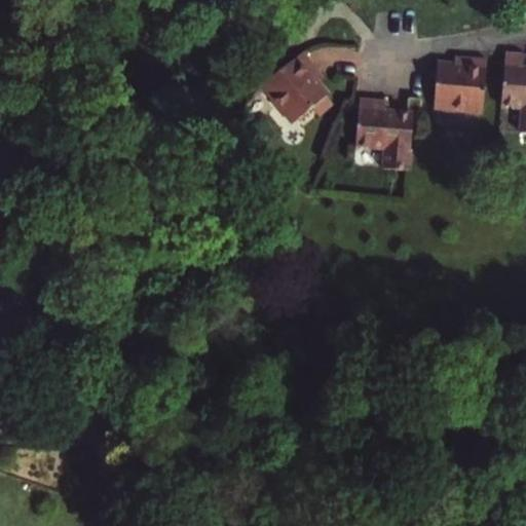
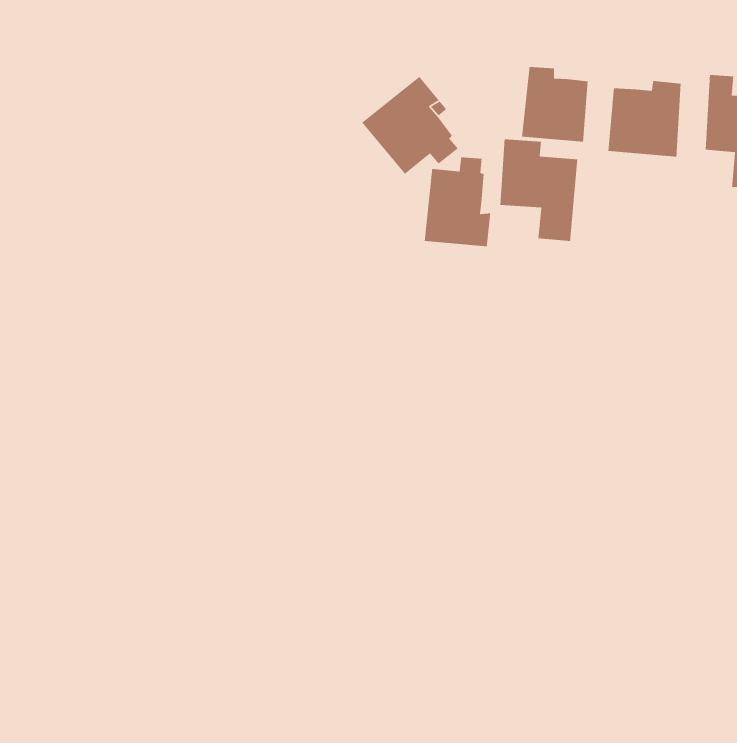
building: none -> [521,66,589,142]
building: none -> [424,157,491,247]

